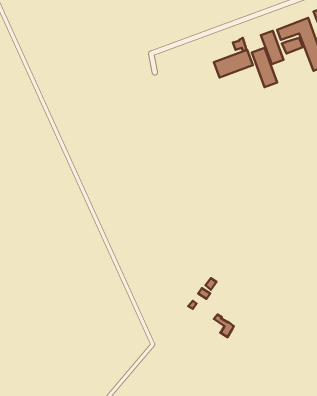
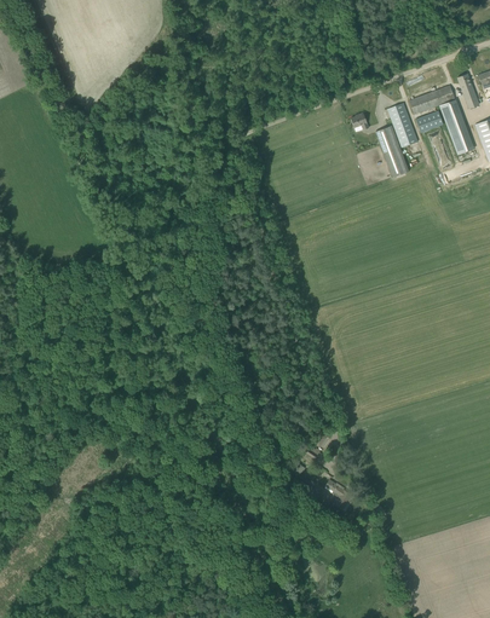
building: [214,50,253,77] -> none

